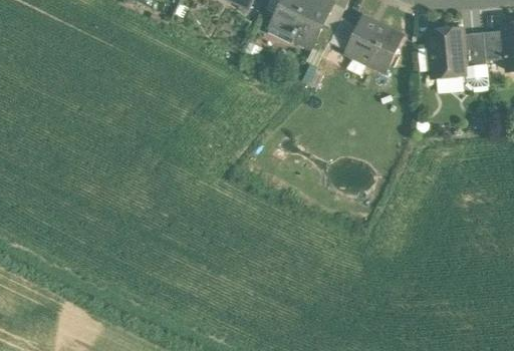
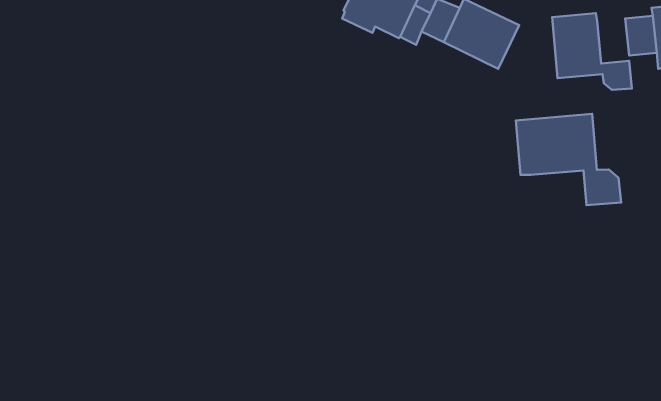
building: [462,32,486,66] -> none
building: none -> [516,114,621,205]

